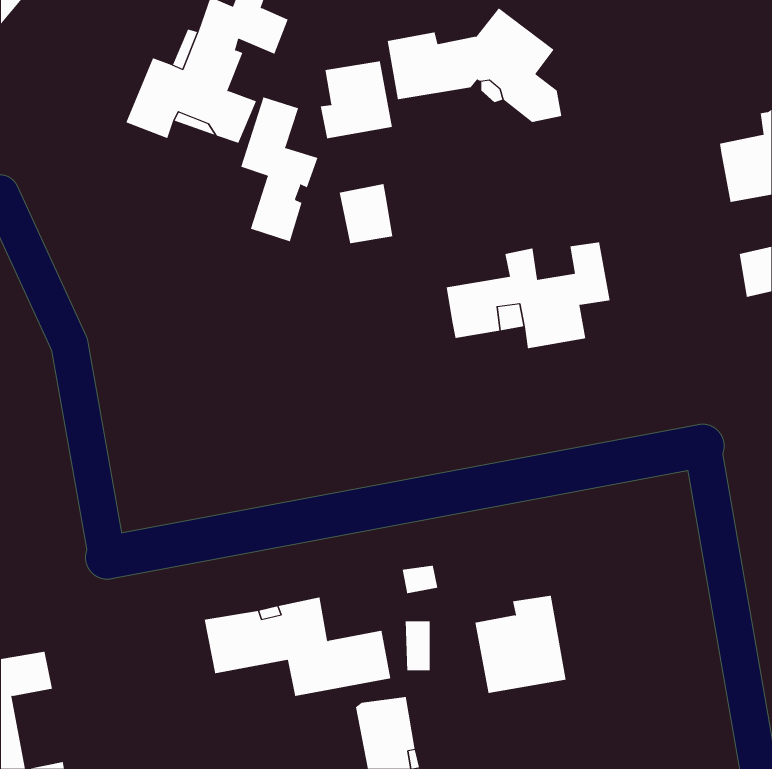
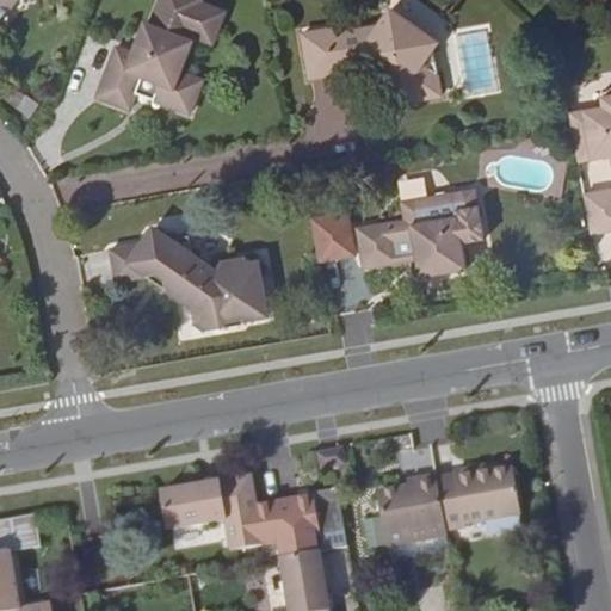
building: [320,60,393,139] -> none
building: [241,97,318,242] -> none
building: [339,183,393,244] -> [314,214,357,261]
building: none -> [99,220,274,332]
building: none -> [436,461,514,537]

